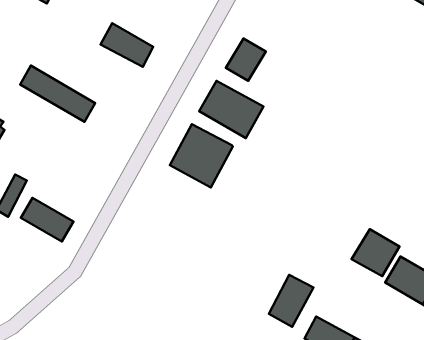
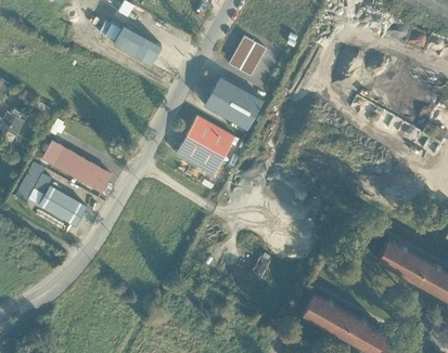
building: [20,66,95,122] -> [42,141,112,193]
building: [352,229,400,276] -> none
building: [269,275,314,327] -> none

